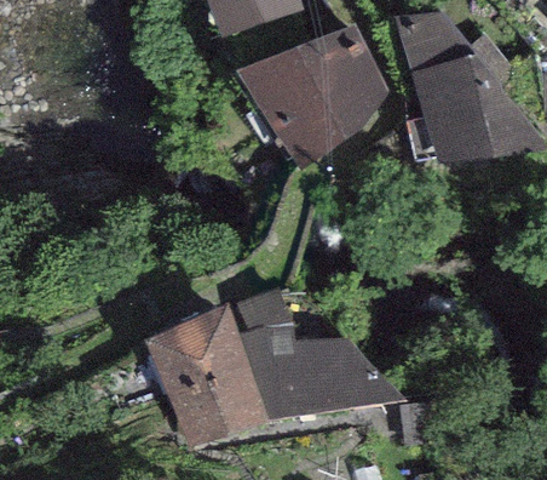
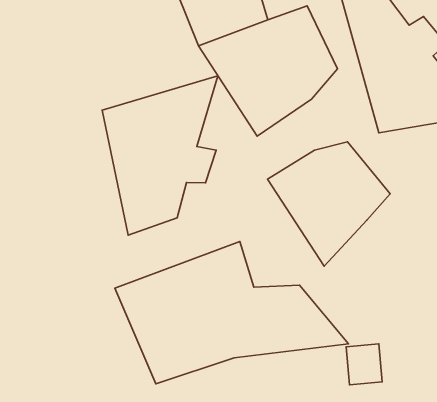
building: none -> [102,76,218,235]
building: none -> [267,142,390,266]

